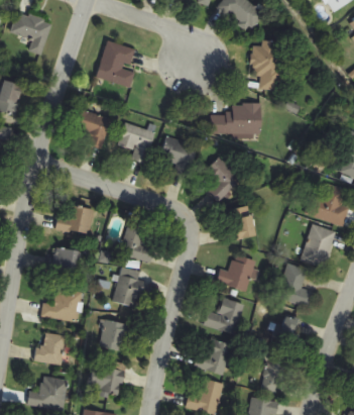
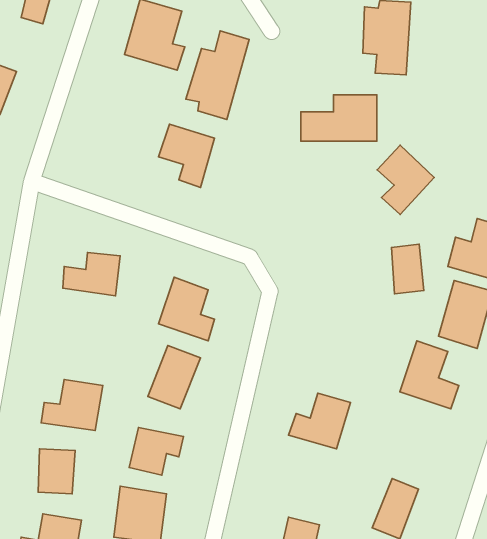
building: none -> [186,31,249,119]
building: [75,109,111,147] -> none
building: [159,135,198,176] -> none
building: [204,157,241,202] -> [377,145,434,215]
building: [233,206,254,238] -> [391,244,424,294]
building: [49,247,81,275] -> none
building: [216,254,257,293] -> none
building: [275,316,303,345] -> none
building: [194,337,232,377] -> none

